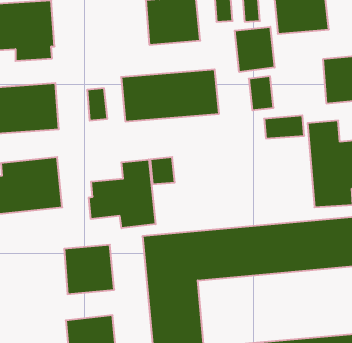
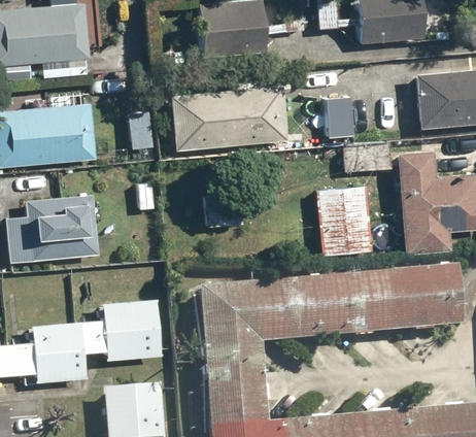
building: [235,27,275,72] -> none
building: none -> [319,184,372,255]
building: [89,159,156,228] -> none
building: none -> [31,321,88,381]

